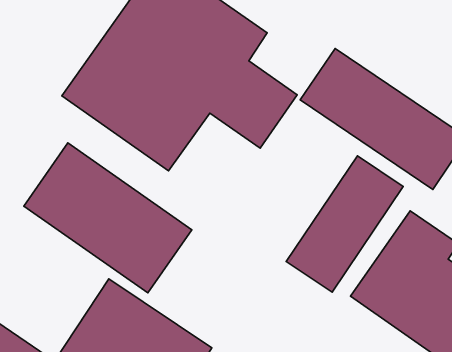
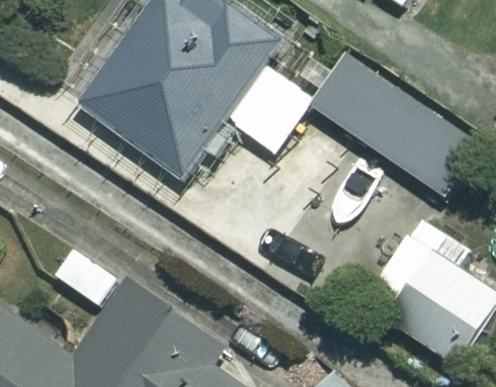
building: [24,143,192,293] -> none
building: [286,156,403,292] -> none

